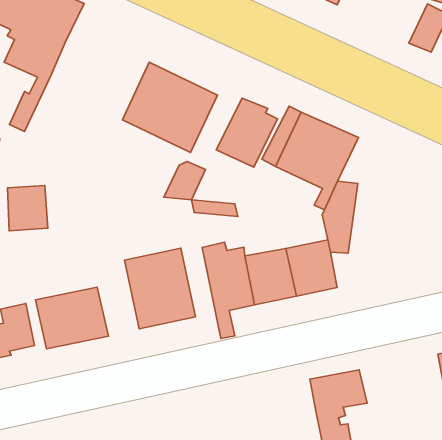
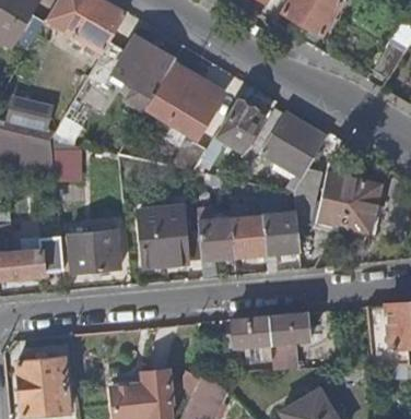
building: none -> [97,35,175,96]
building: none -> [314,173,380,234]
building: none -> [232,318,271,347]

